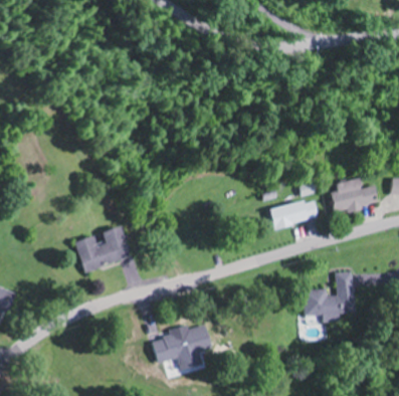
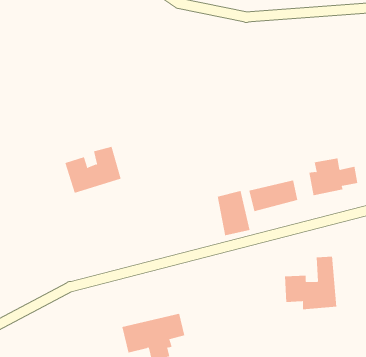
building: none -> [217,190,250,236]
building: [75,226,130,271] -> [65,146,122,194]

